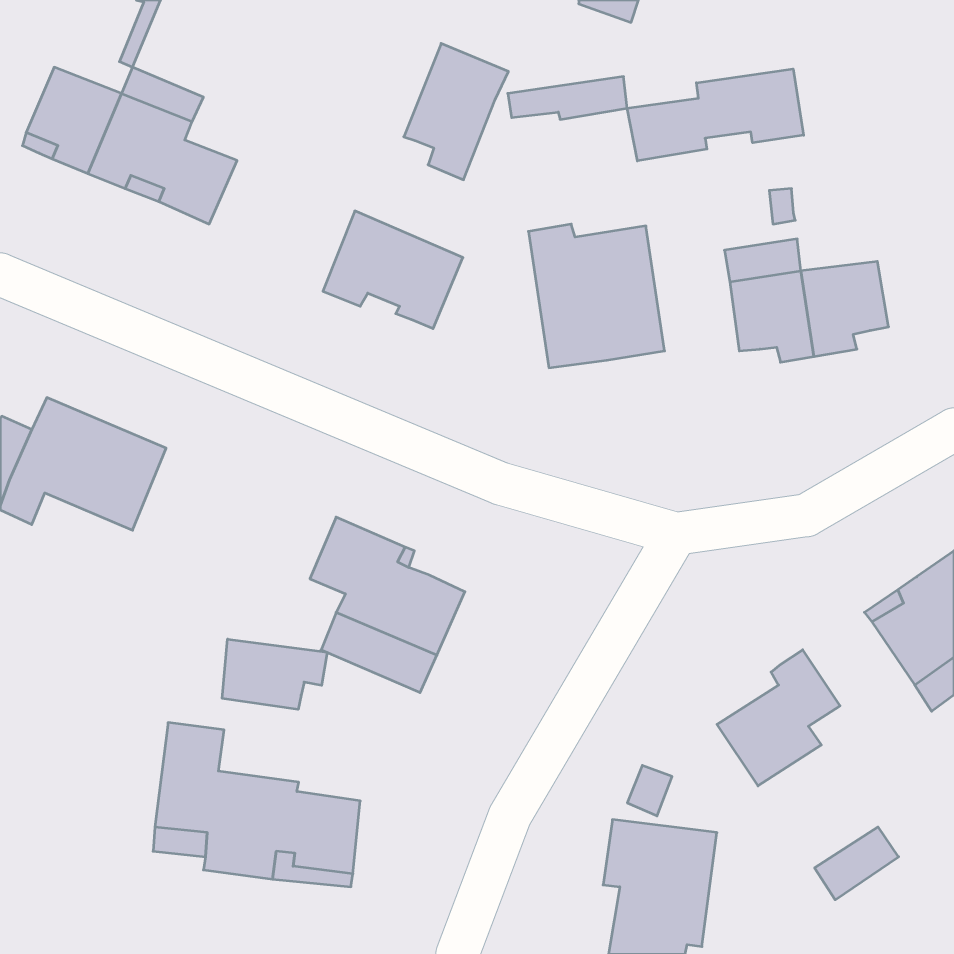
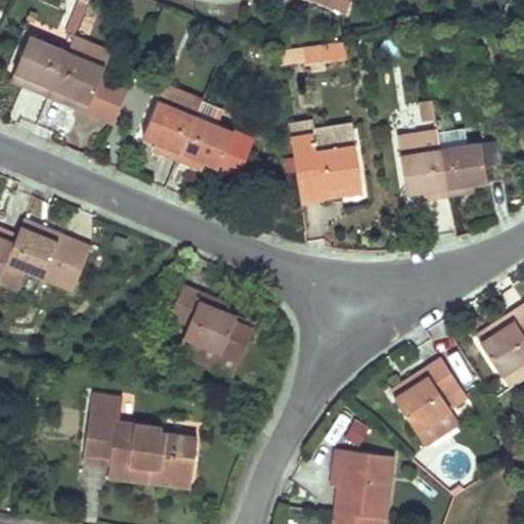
building: [404,43,508,180] -> [144,85,202,160]
building: [627,69,804,161] -> none
building: [222,639,327,709] -> none
building: [815,827,899,900] -> [416,408,462,448]

